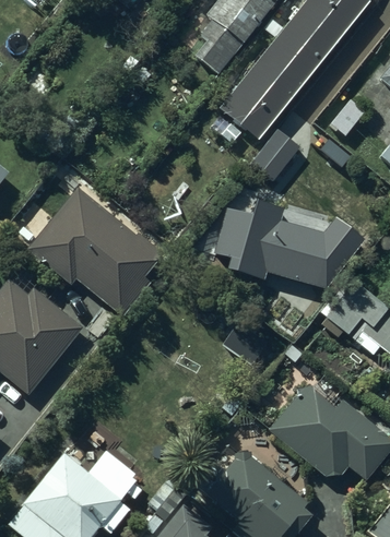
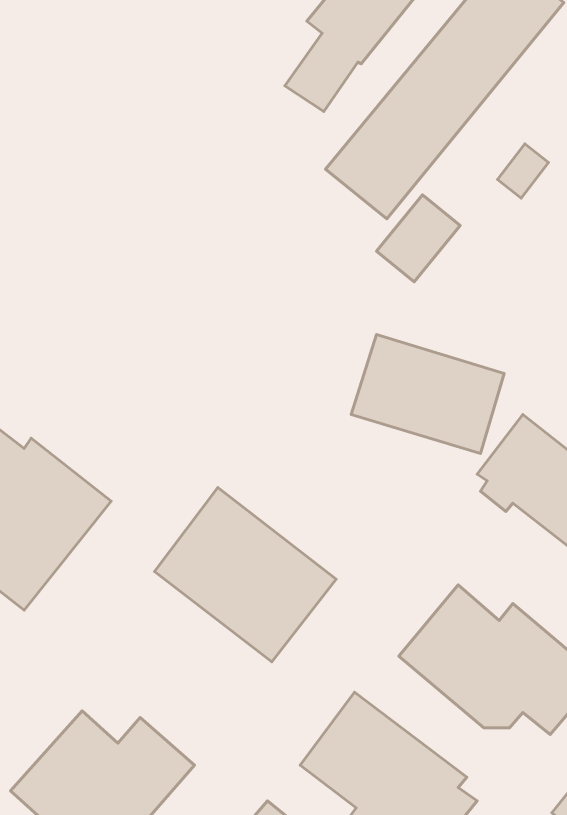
building: [25,189,166,315] -> none
building: none -> [154,487,336,662]

